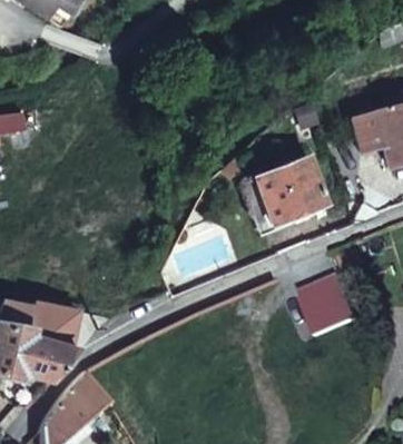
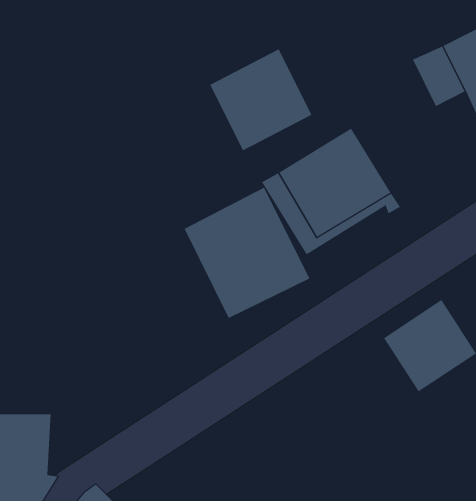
building: none -> [209,49,312,151]
building: none -> [184,187,310,319]

